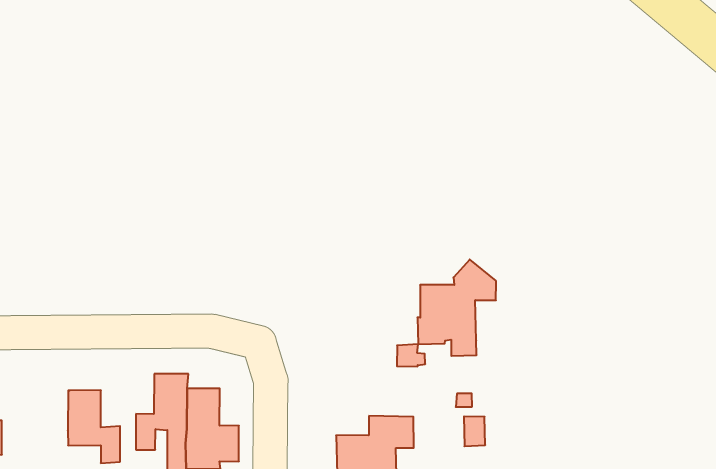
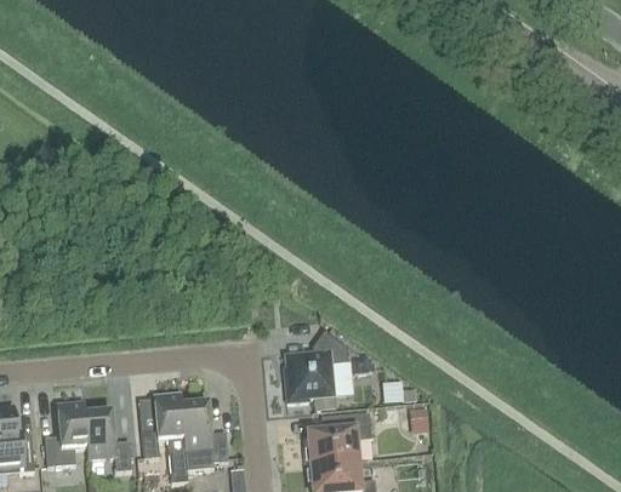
building: [417,259,496,356] -> [284,330,347,410]
building: none -> [44,402,86,467]

